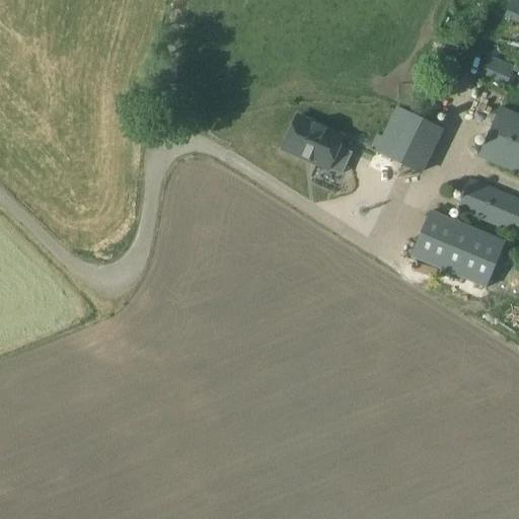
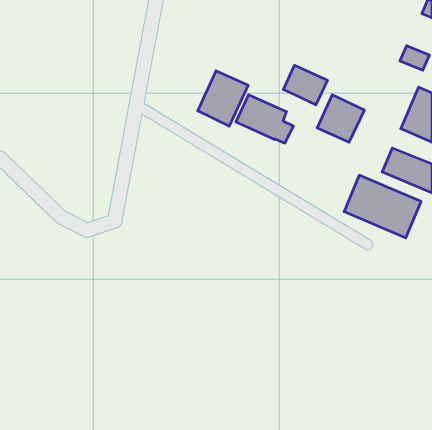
building: none -> [283,65,327,105]
building: none -> [198,71,248,126]

